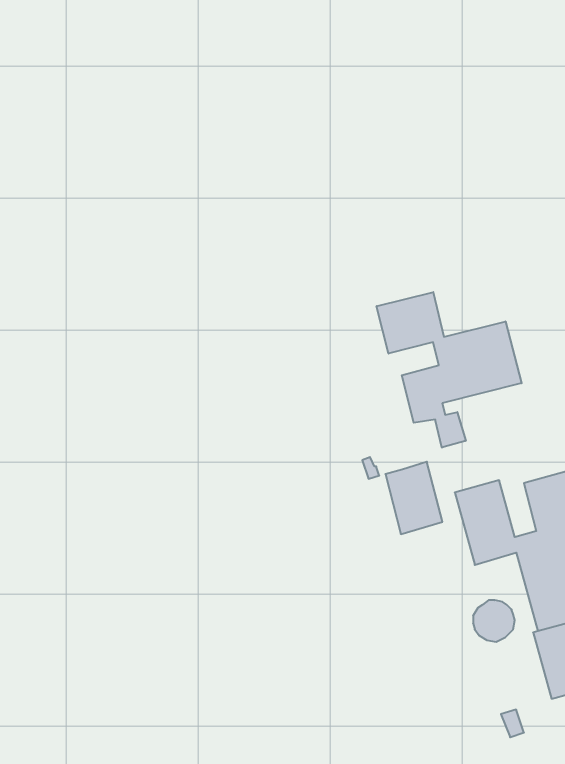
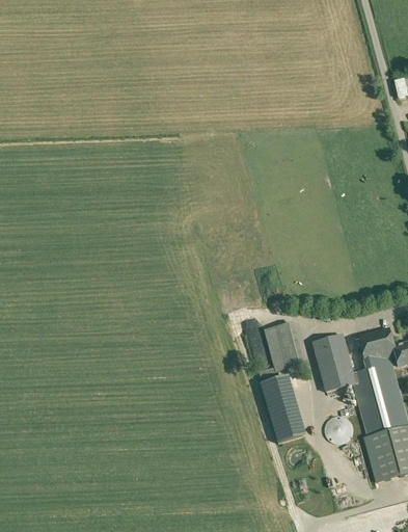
building: [377,292,522,448] -> none
building: none -> [262,369,306,437]

